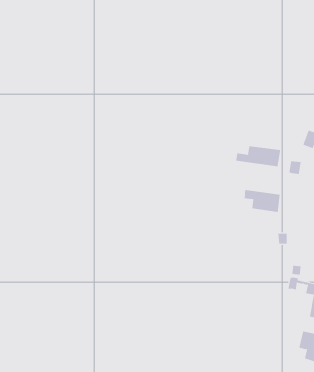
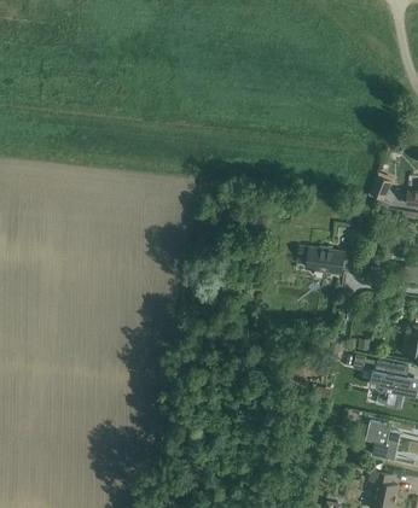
building: [236,145,281,167] -> none

